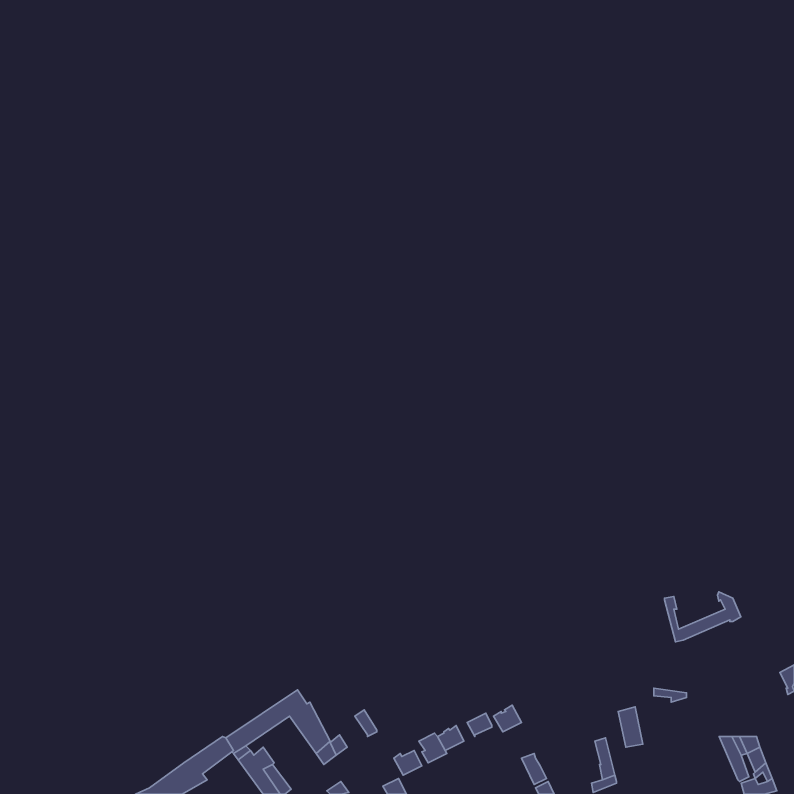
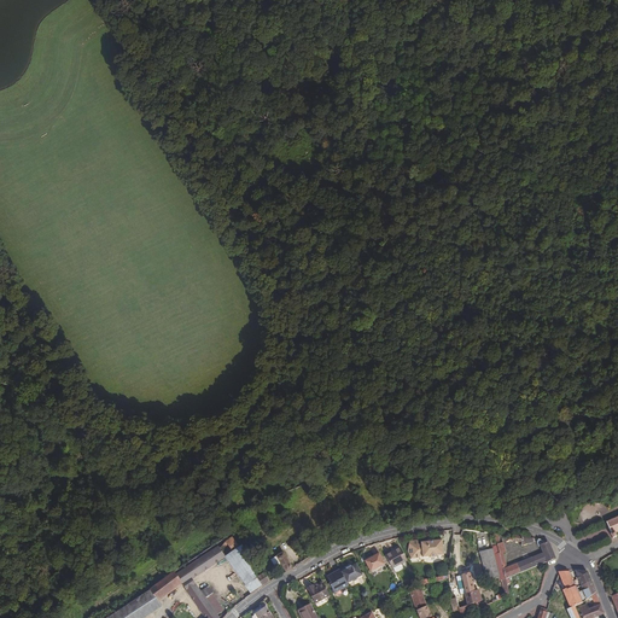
building: [664,592,741,642] -> [495,538,554,577]
building: none -> [406,540,442,558]

